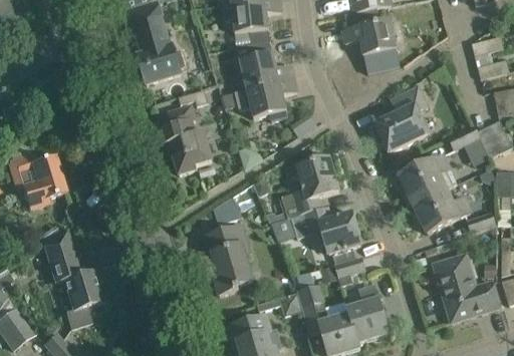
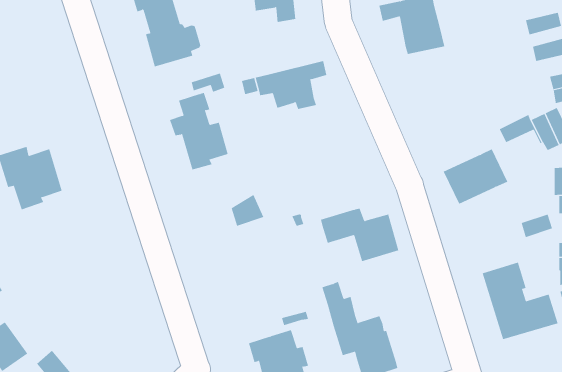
building: [238,41,294,89] -> none
building: [369,86,429,152] -> none
building: [281,157,339,218] -> none
building: [413,189,469,233] -> none
building: [202,225,254,295] -> none
building: [42,229,105,328] -> none
building: [333,256,364,285] -> none
building: [346,285,389,342] -> none

